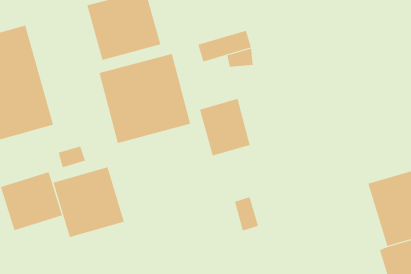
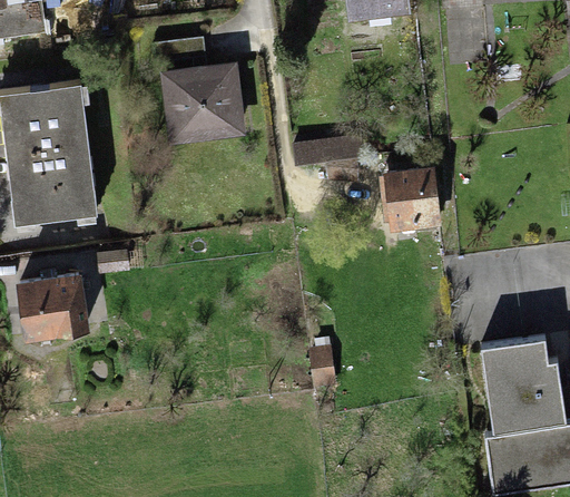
building: [99,53,191,144] -> none
building: [199,98,250,156] -> [383,165,441,233]
building: [53,166,125,238] -> none

